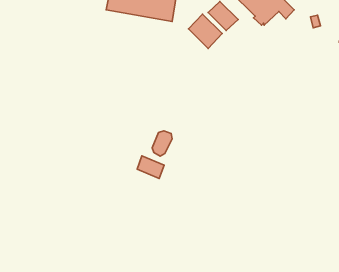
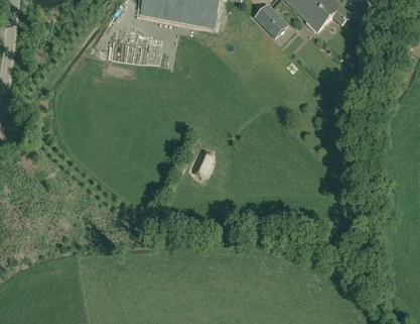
building: [189,14,222,49] -> none
building: [137,156,164,178] -> none

